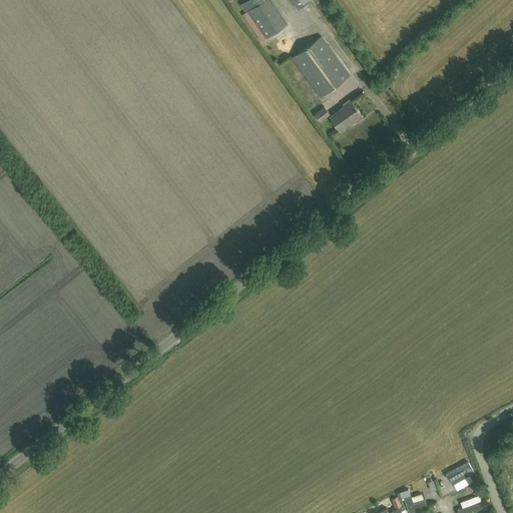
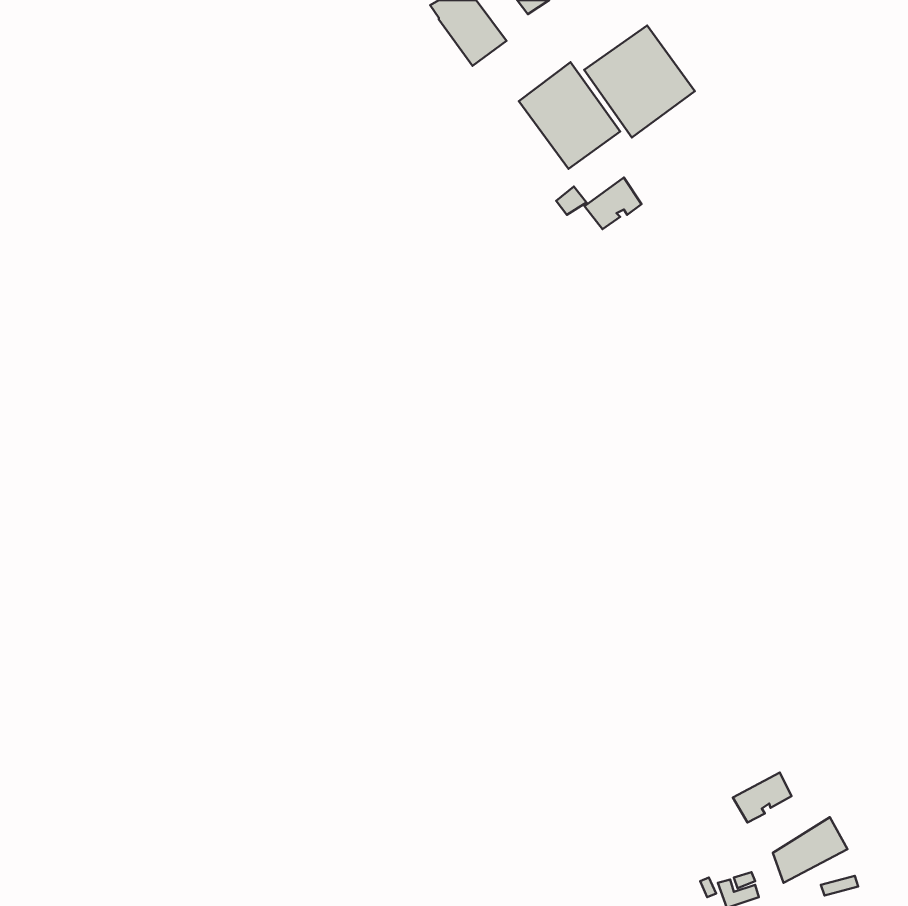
building: none -> [584,25,695,137]
building: none -> [733,773,791,822]

